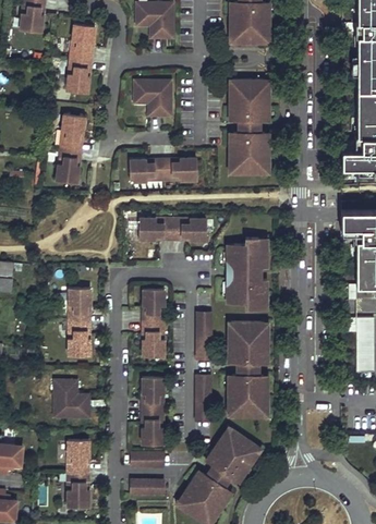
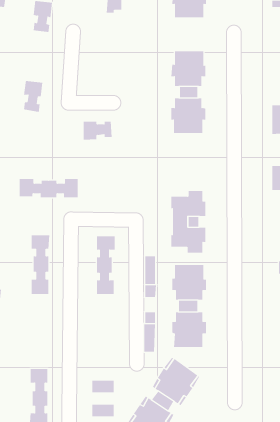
building: [64,58,89,93] -> none
building: [133,81,169,117] -> none
building: [53,147,78,183] -> none
building: [160,159,194,181] -> none
building: [138,219,206,241] -> [19,178,78,198]
building: [142,378,163,444] -> none
building: [53,380,89,418] -> none

